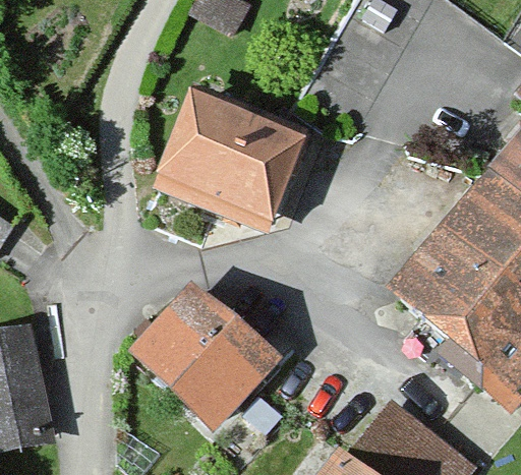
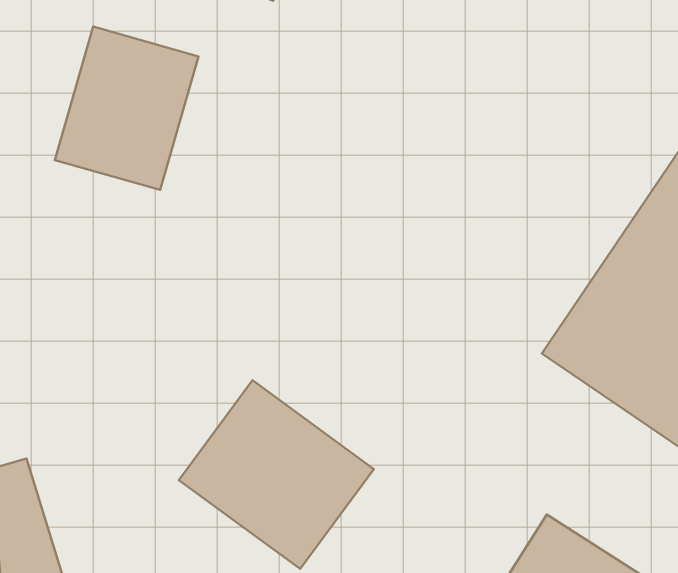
building: none -> [55,27,199,190]
building: [161,99,303,220] -> none

